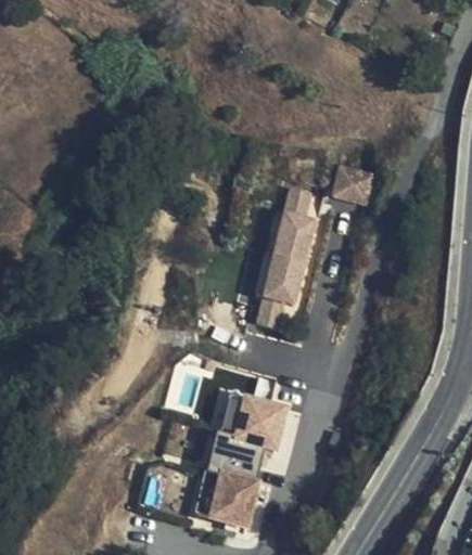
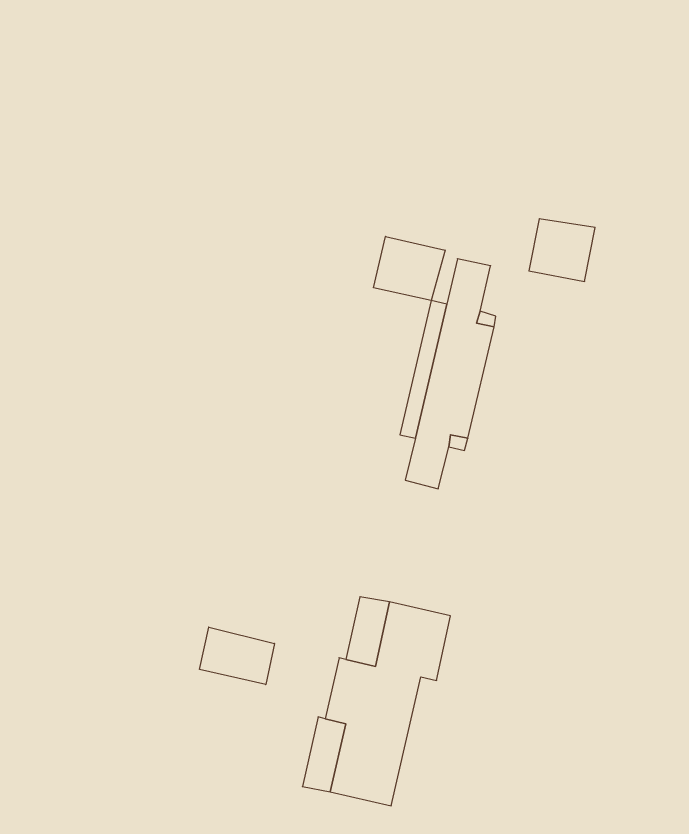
building: none -> [374,236,445,301]
building: none -> [200,627,274,685]

